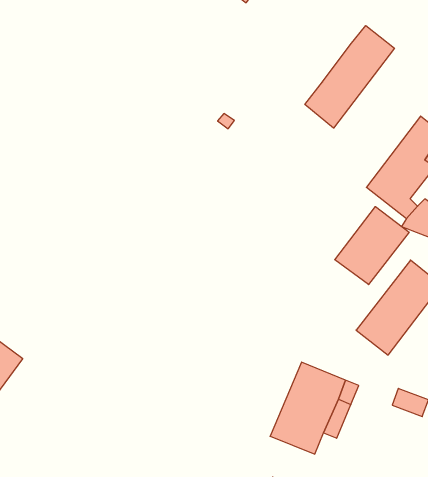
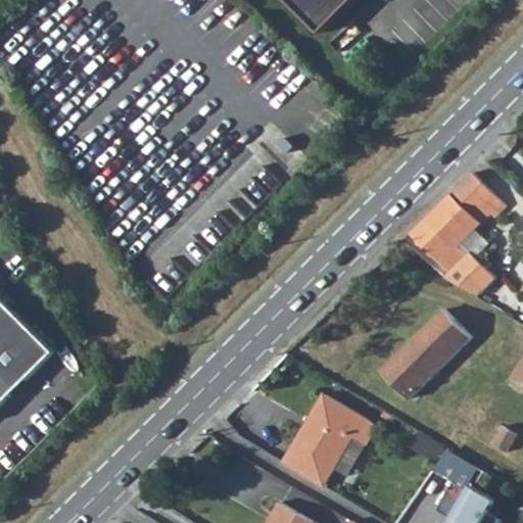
building: [305,26,394,128] -> none
building: [335,207,409,285] -> none

